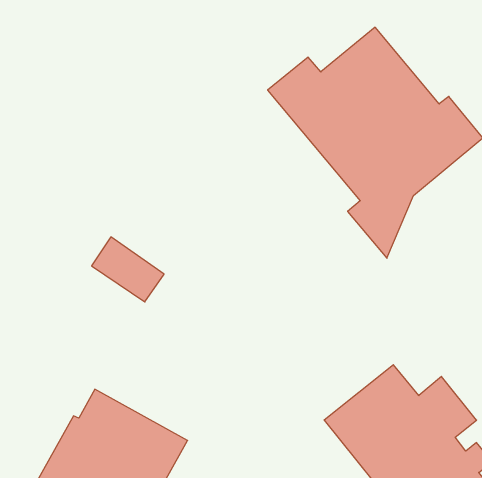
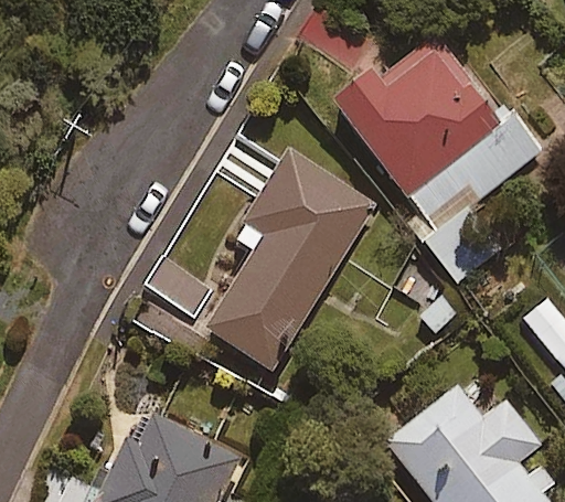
building: none -> [204,147,377,370]

